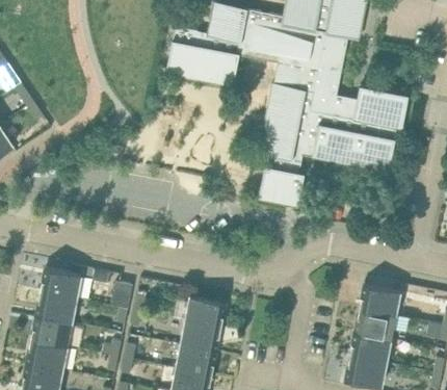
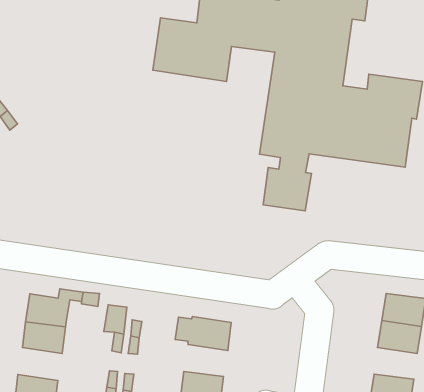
building: [32,317,73,348] -> none
building: [181,322,221,353] -> none
building: [351,334,391,364] -> none

